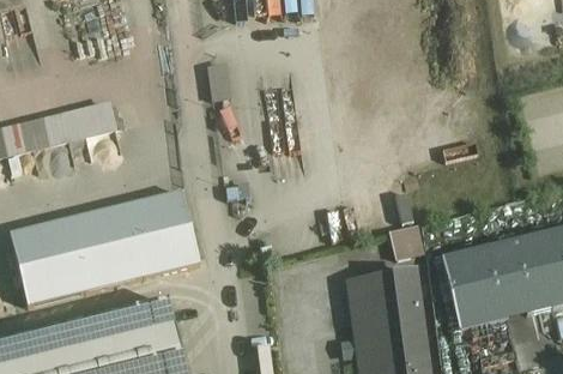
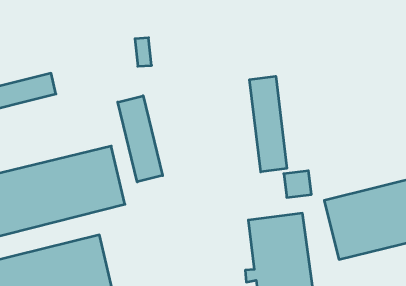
building: none -> [250,76,287,172]
building: none -> [118,96,163,182]

